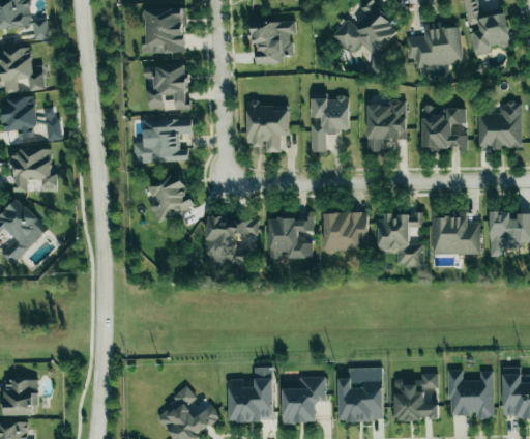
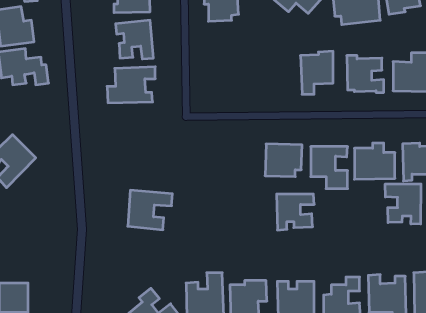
building: [311,97,350,152] -> none
building: [247,101,289,153] -> none
building: [13,149,58,192] -> none
building: [148,172,195,223] -> none
building: [205,216,259,264] -> [128,190,172,230]
building: [269,218,315,262] -> [277,194,314,230]
building: none -> [385,184,421,224]

